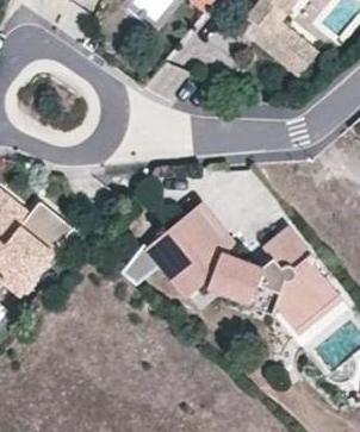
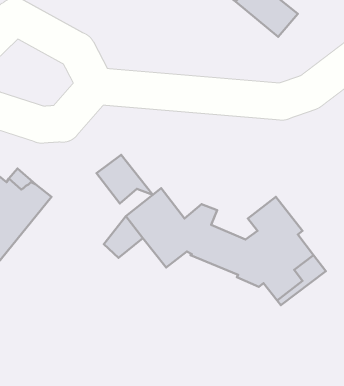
building: [180,202,235,250] -> [97,155,153,203]

